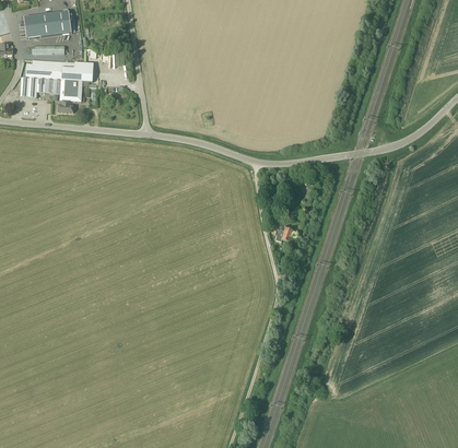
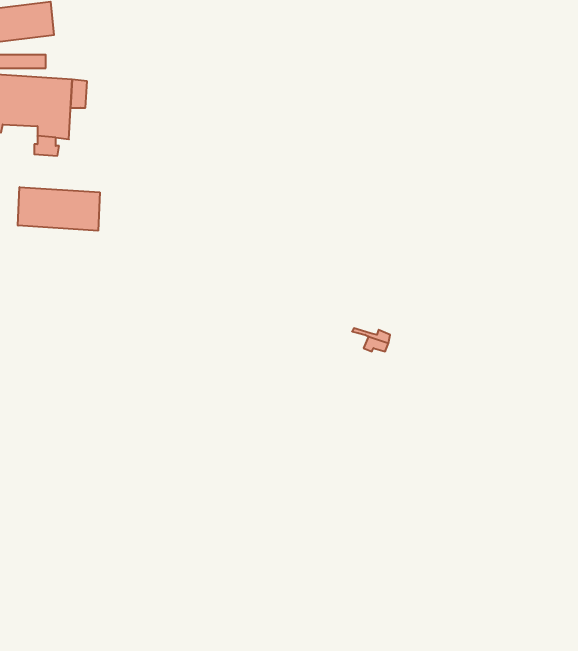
building: none -> [18,187,100,231]

